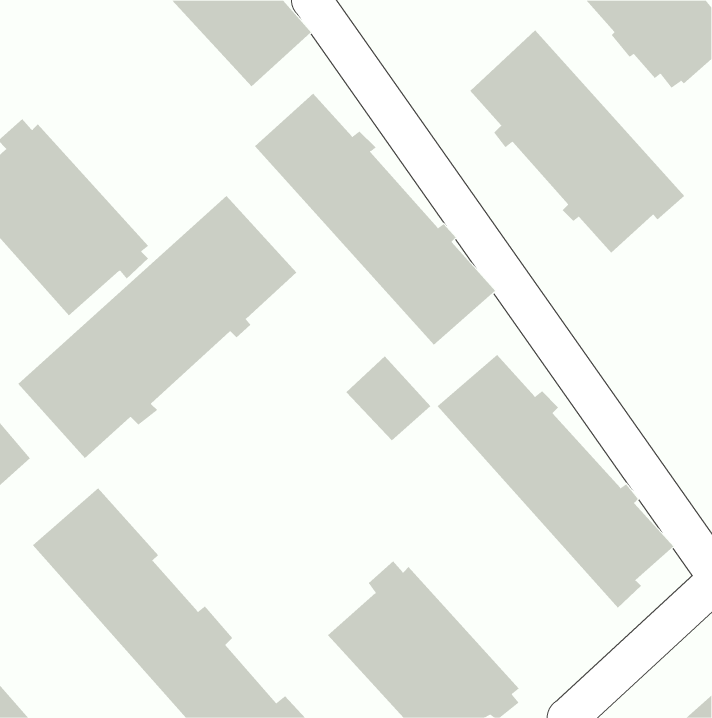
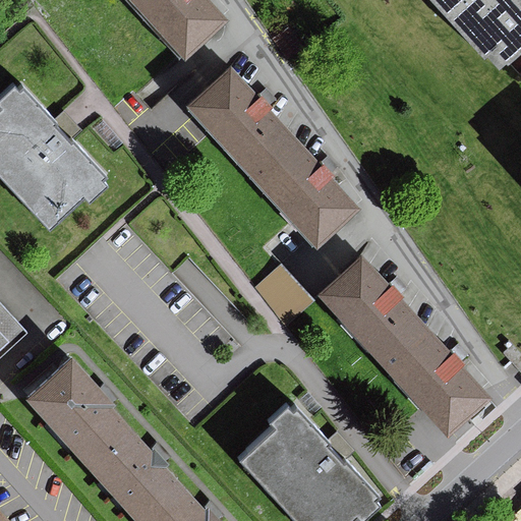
building: [469,30,685,254] -> none
building: [17,195,297,459] -> none

